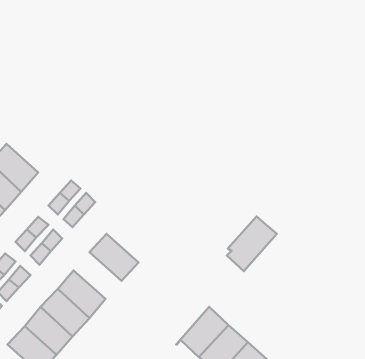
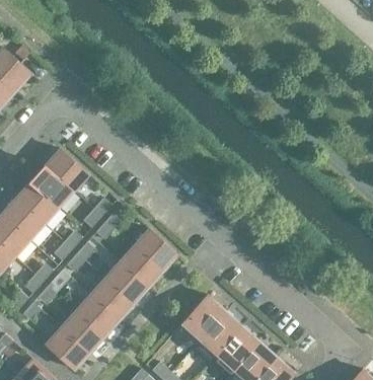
building: none -> [45,149,88,191]
building: none -> [134,229,177,271]
building: [227,217,277,271] -> [180,295,225,344]
building: none -> [104,261,147,303]

